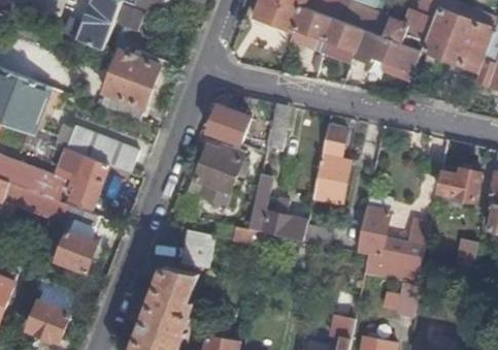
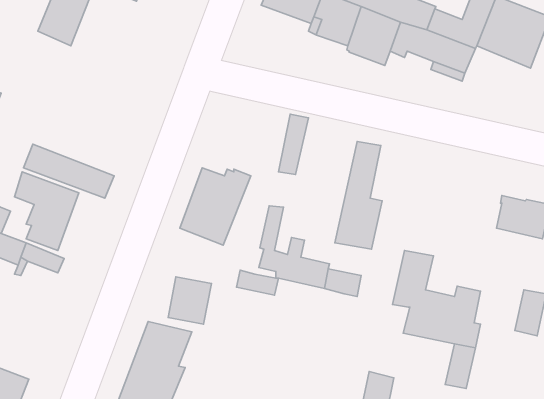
building: [98,51,160,121] -> none
building: [208,103,251,144] -> none
building: [57,229,98,272] -> none

